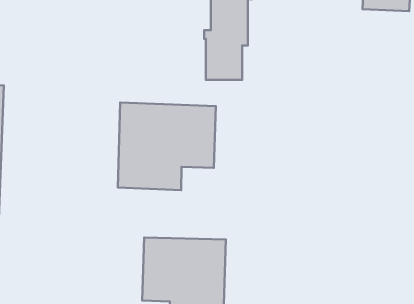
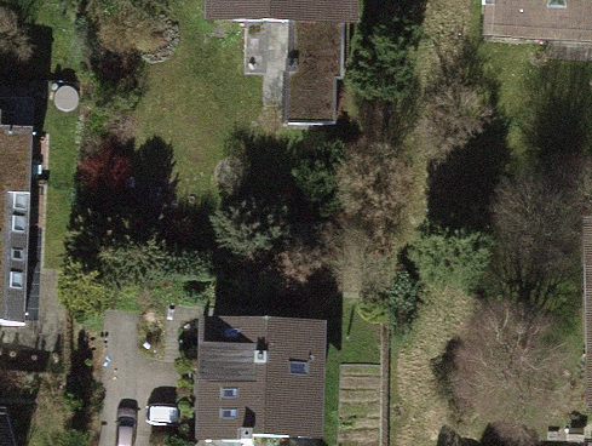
building: [118,103,216,190] -> none

